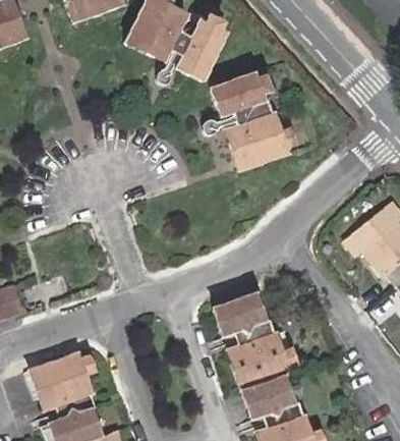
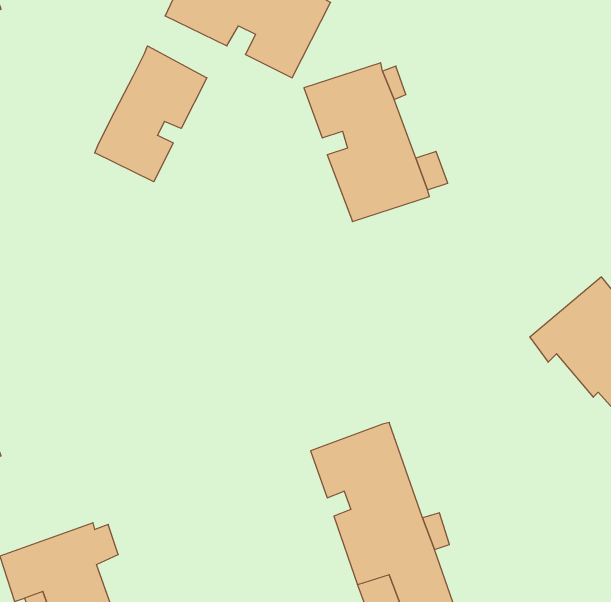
building: none -> [95,46,207,182]

